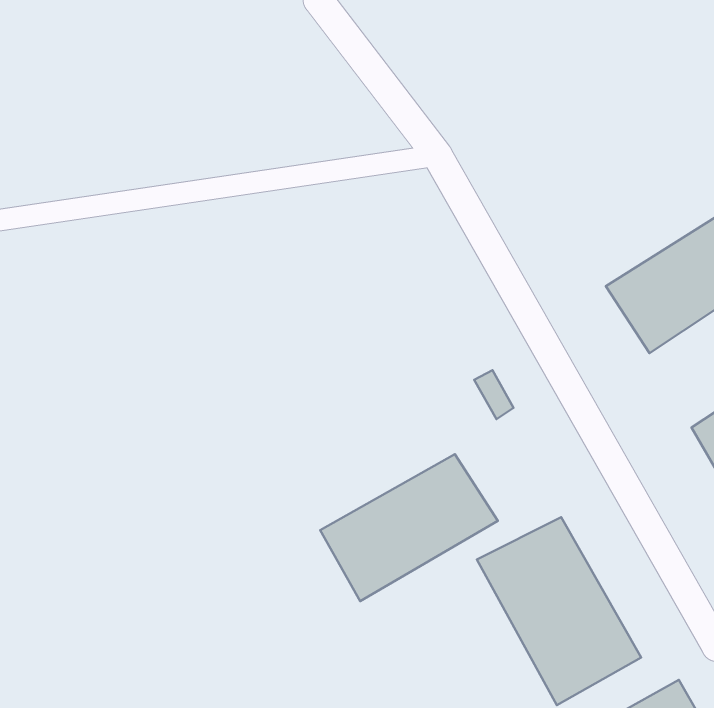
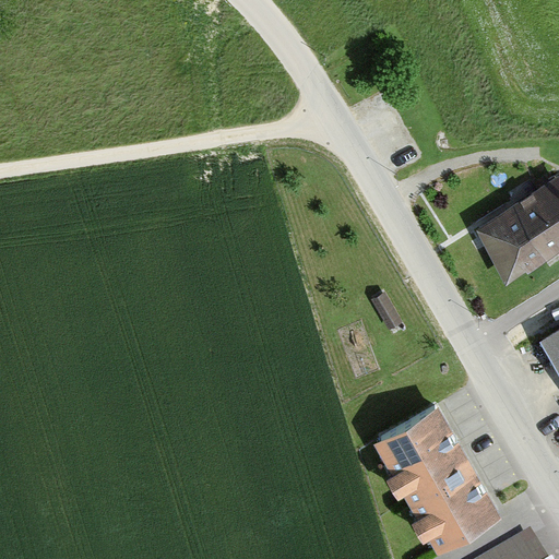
building: [320,454,498,601] -> none

